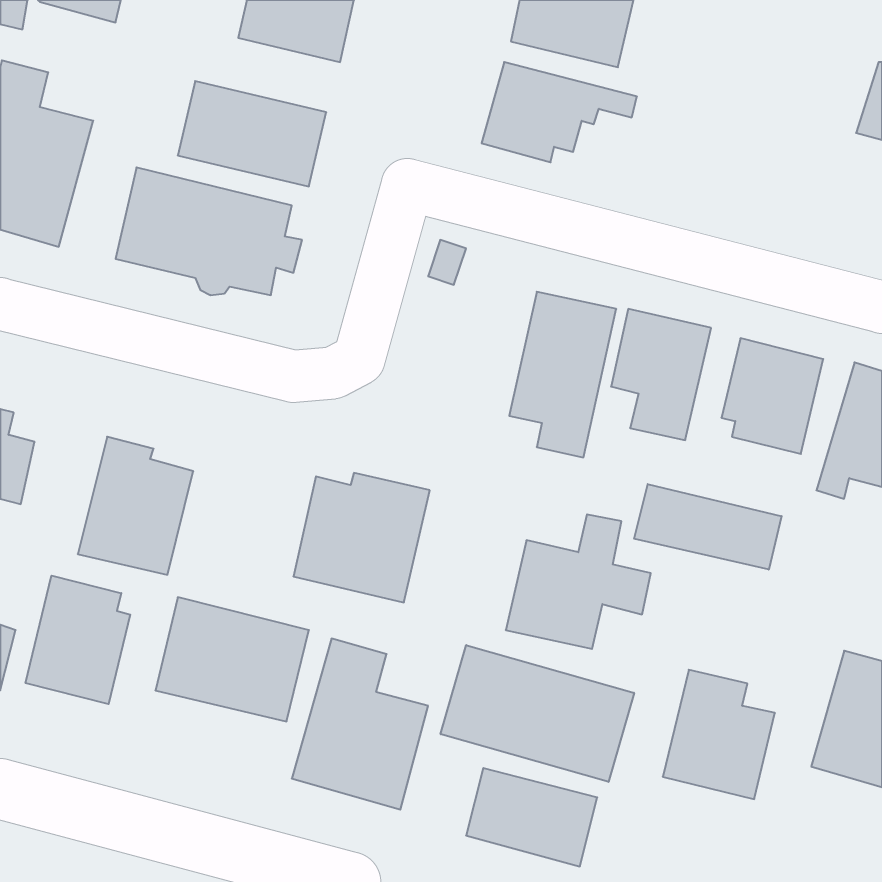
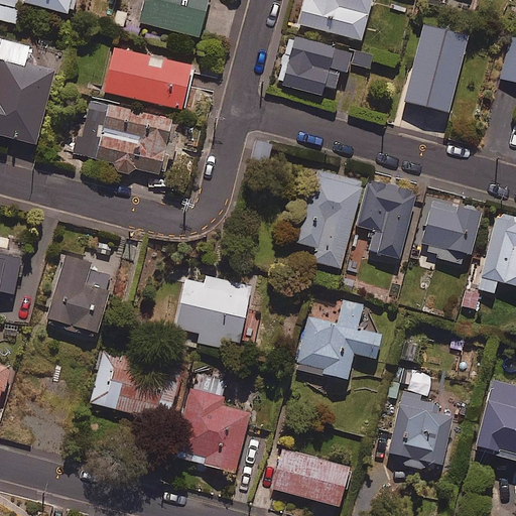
building: none -> [402,23,469,112]
building: [634,484,782,570] -> none
building: [26,576,130,704] -> none
building: [441,645,634,782] -> none

